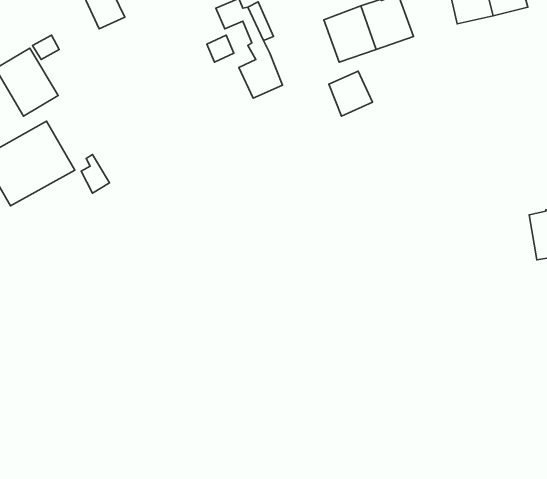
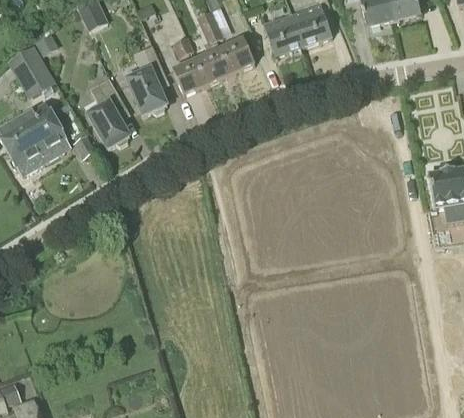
building: none -> [127,46,167,116]
building: none -> [174,61,208,95]
building: [329,71,372,116] -> [221,40,255,75]
building: none -> [89,79,131,150]

